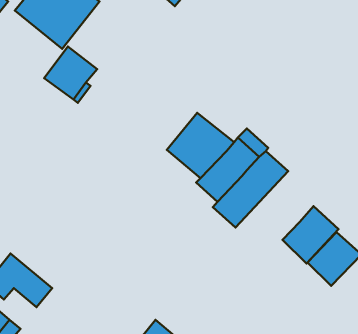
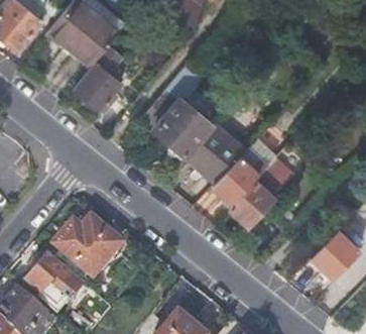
building: none -> [141,65,221,161]
building: [283,206,339,263] -> none
building: none -> [53,214,119,272]

